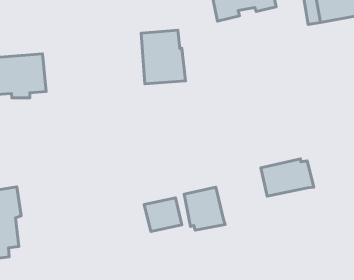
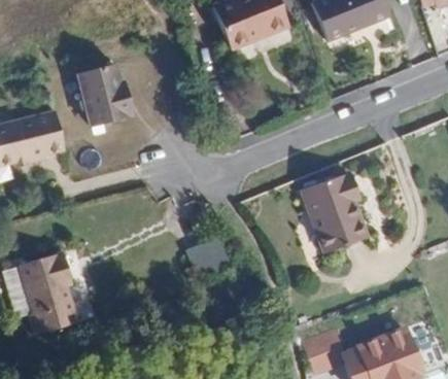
building: [141,30,185,84] -> [79,65,133,126]
building: [184,187,225,230] -> none
building: none -> [313,204,368,254]

